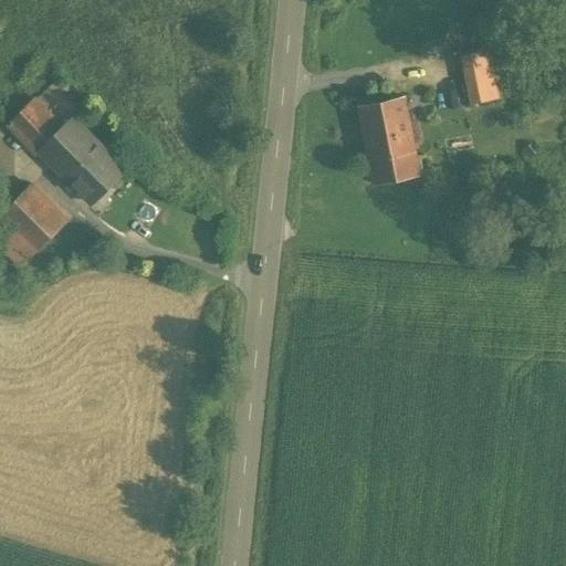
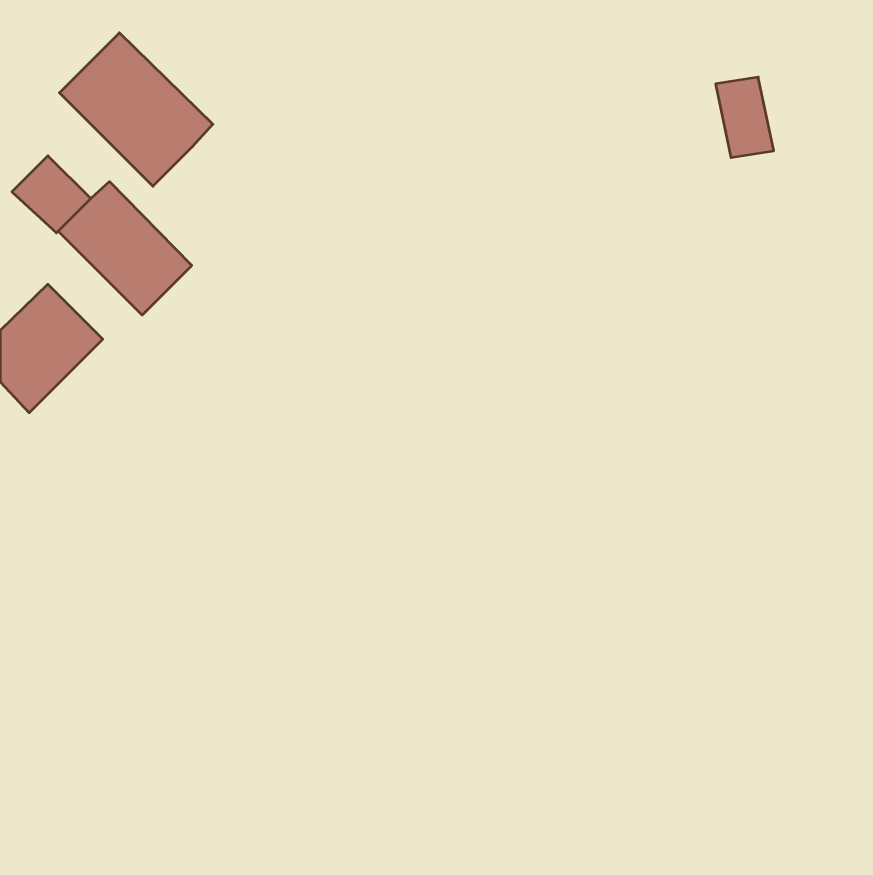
building: none -> [59,33,213,186]
building: [359,96,433,184] -> none

